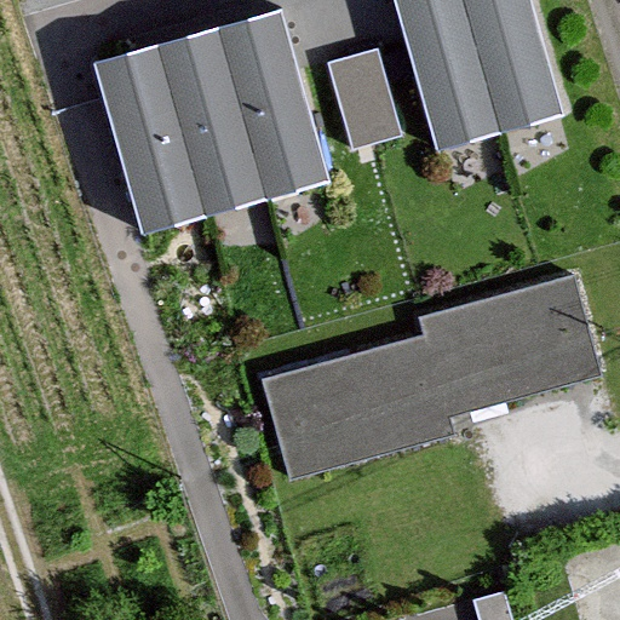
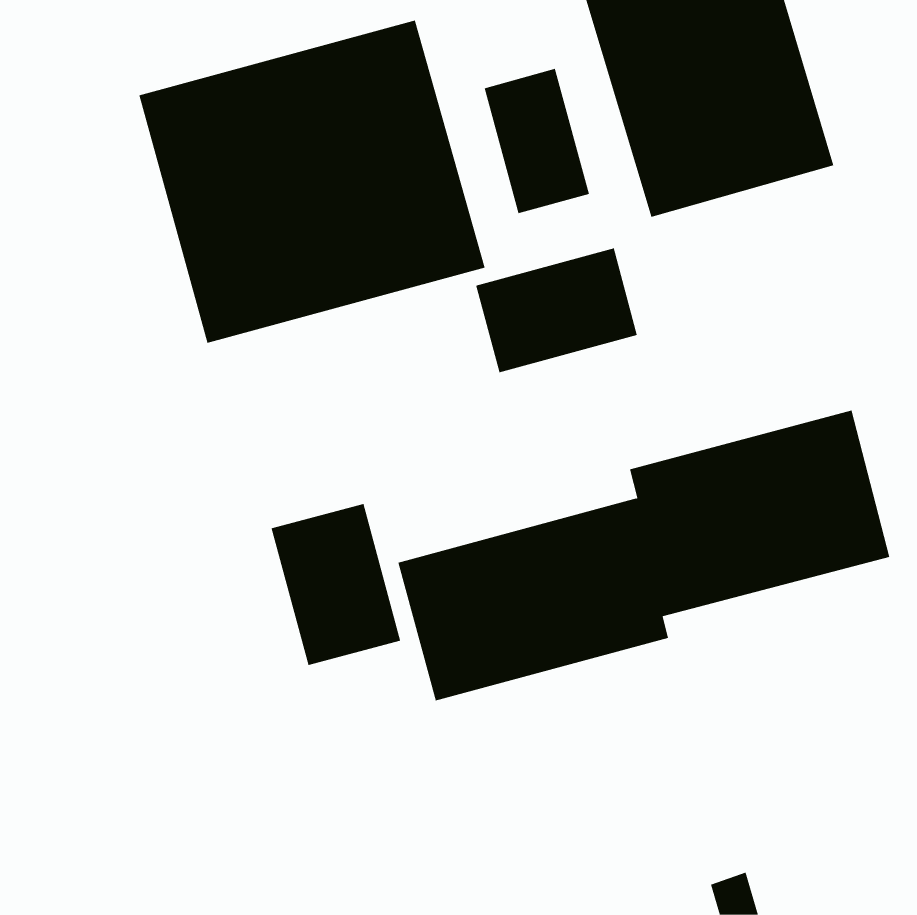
building: none -> [476,248,638,373]
building: none -> [271,503,401,666]

